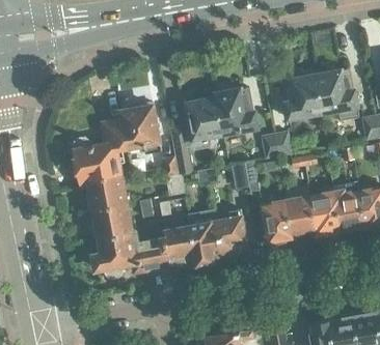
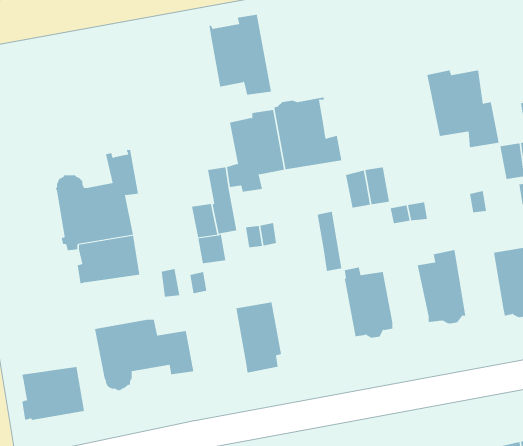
building: [281,73,322,120] -> none
building: [118,103,160,155] -> [208,14,272,95]
building: [332,182,363,230] -> none
building: [286,197,315,234] -> none
building: [90,203,132,238] -> [21,367,85,421]
building: [213,210,247,257] -> none
building: [157,225,195,266] -> none

